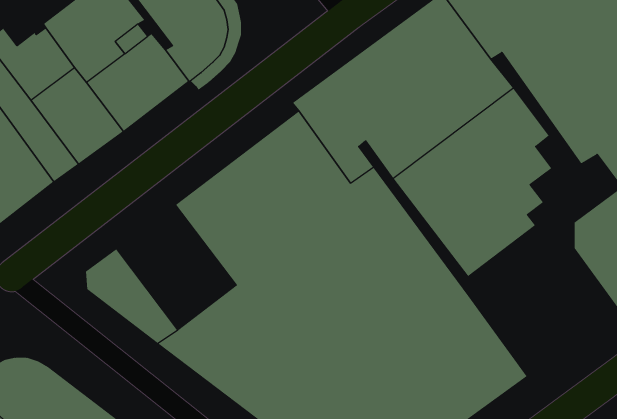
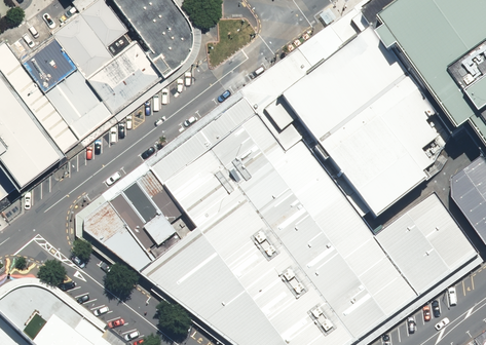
building: none -> [108,169,198,264]
building: none -> [374,195,478,299]

